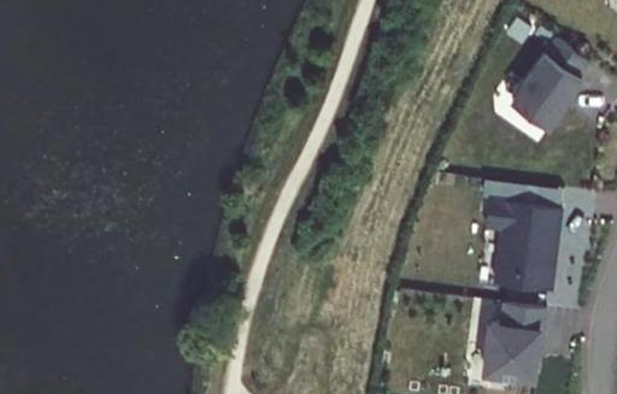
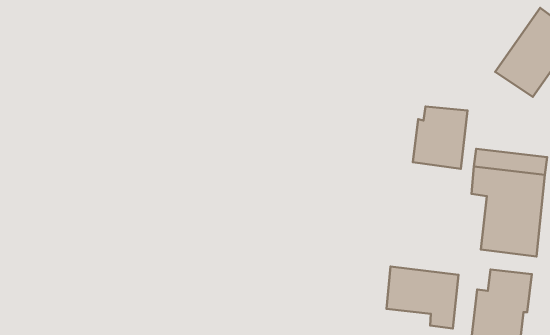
building: none -> [413,106,468,169]
building: none -> [387,266,458,329]

